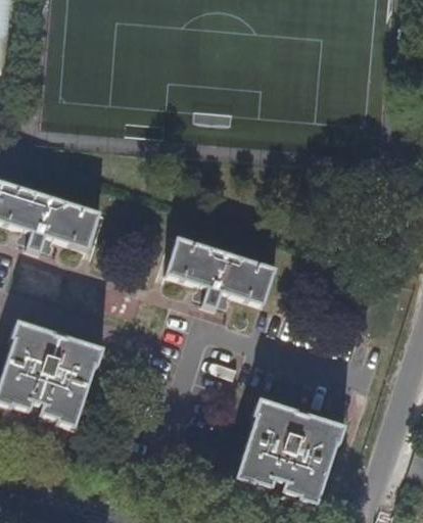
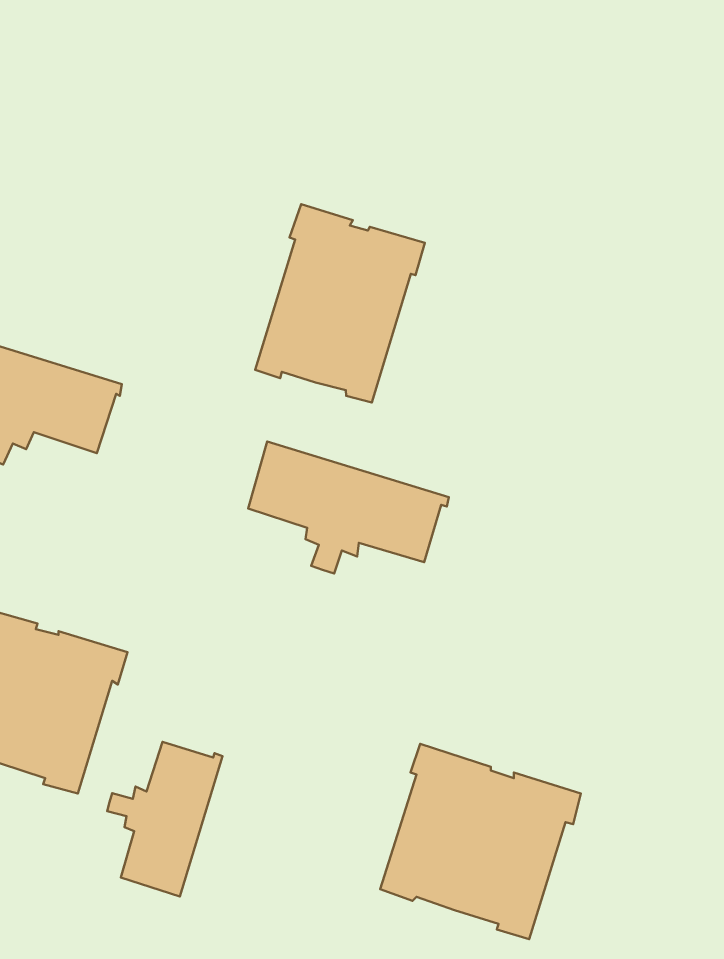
building: none -> [255,204,425,402]
building: none -> [107,742,223,896]

